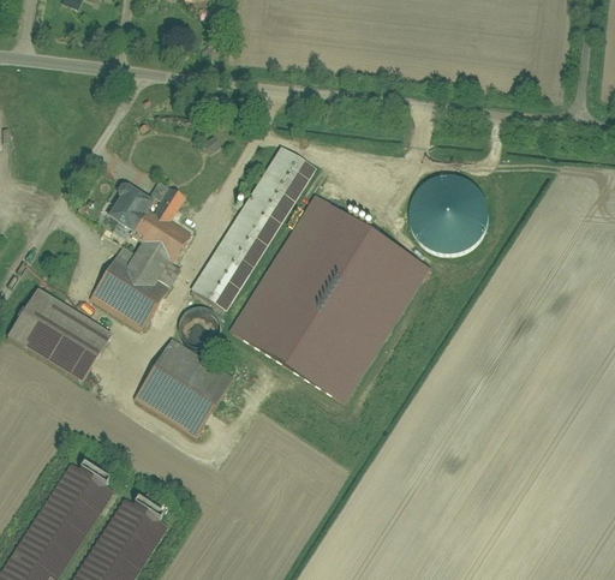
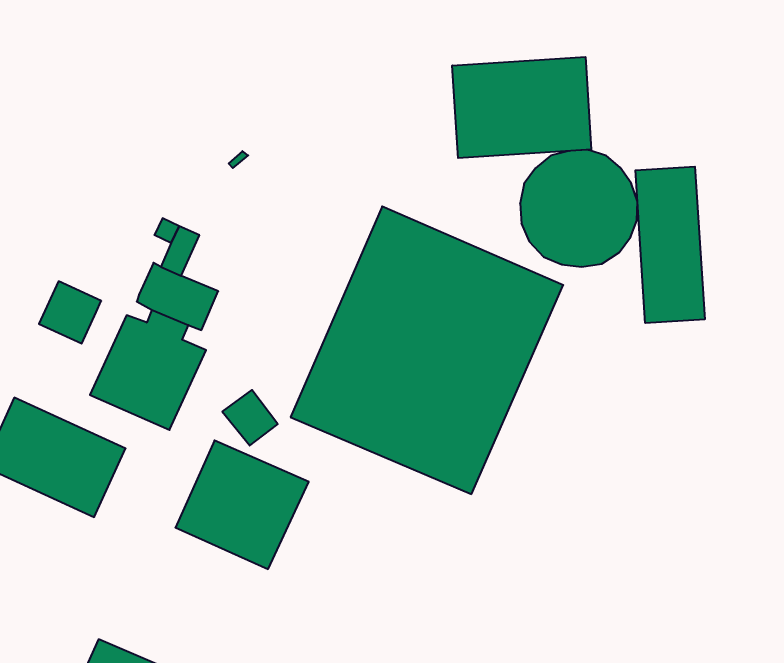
building: none -> [452,57,591,158]
building: [191,145,316,307] -> none
building: [108,184,154,229] -> [39,281,101,344]
building: none -> [635,167,705,323]

